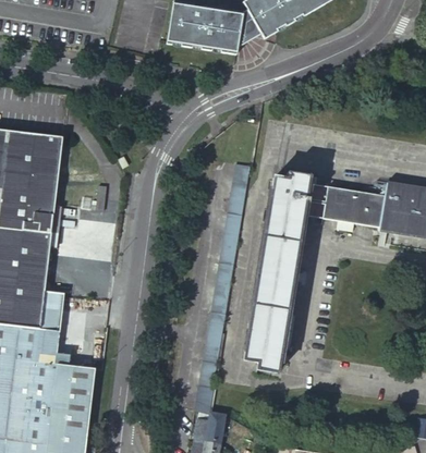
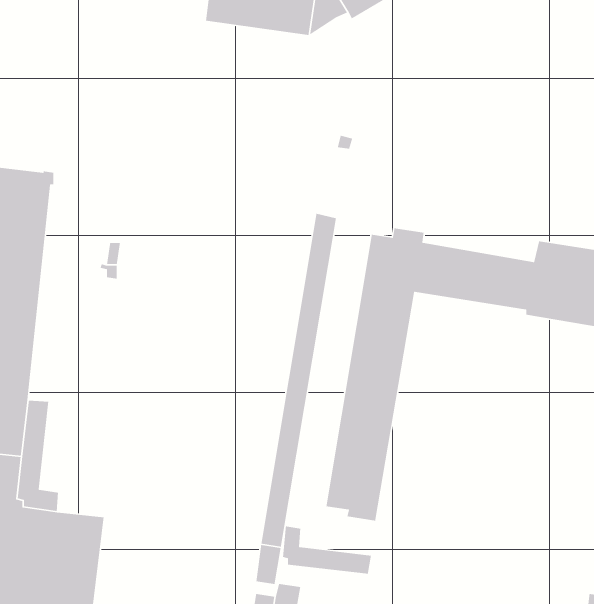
building: none -> [282,526,372,575]

